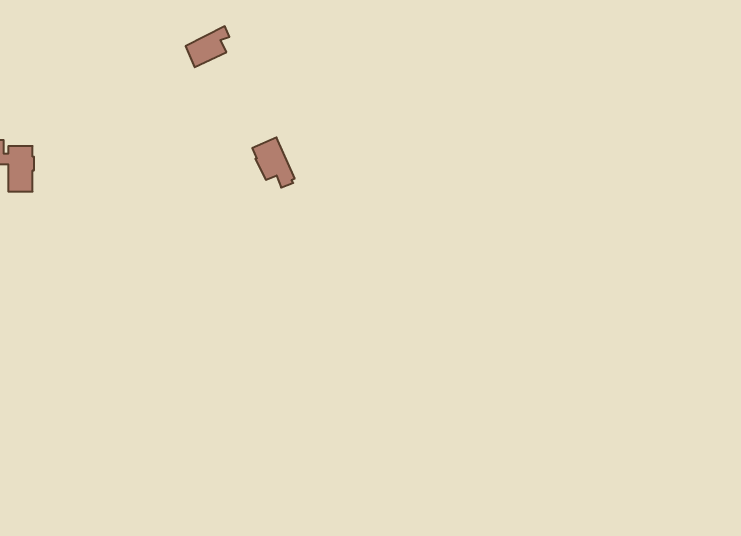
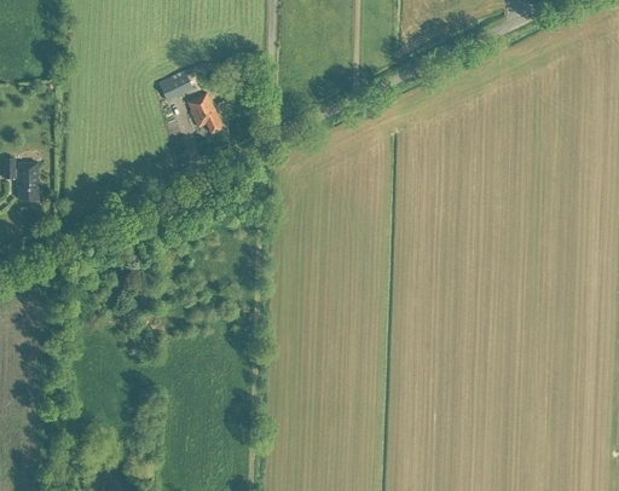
building: [252,137,295,188] -> [187,93,221,133]

